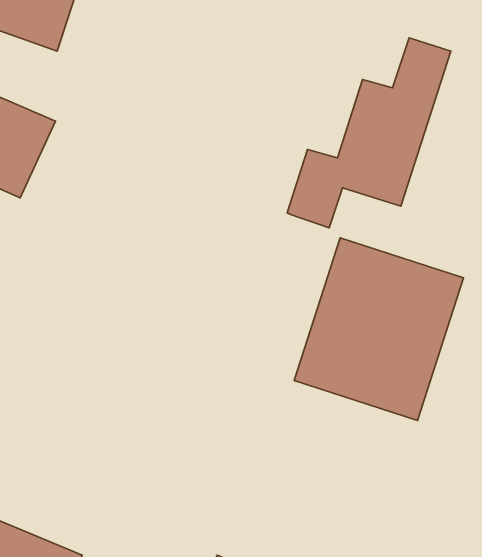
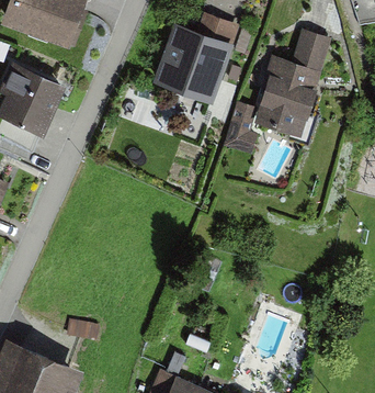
building: none -> [148,16,238,109]
building: [294,238,464,420] -> none

